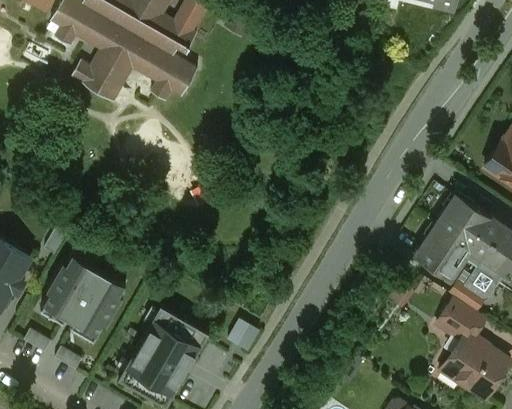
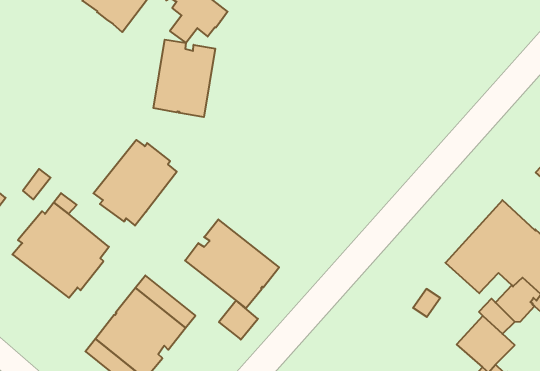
building: none -> [153,40,215,117]
building: none -> [93,140,177,226]
building: none -> [185,219,279,308]

